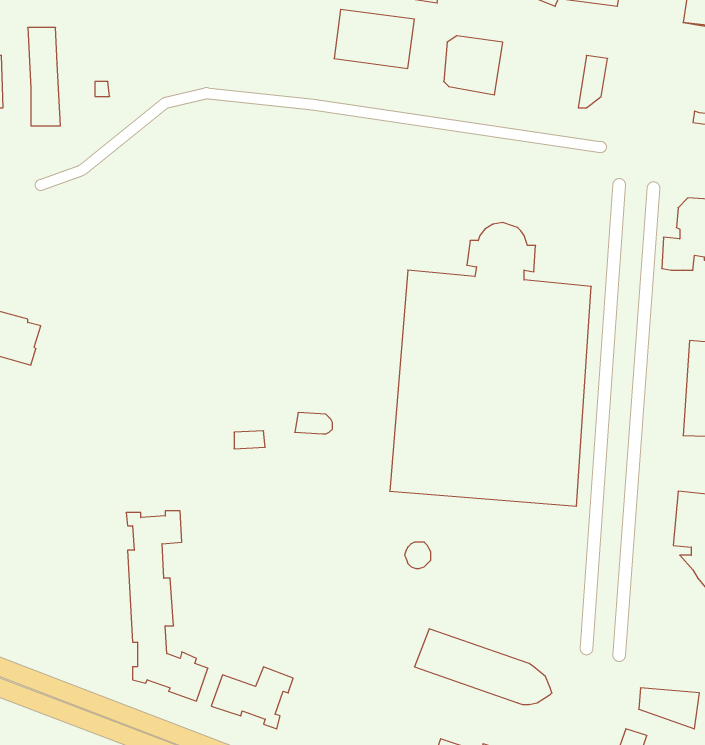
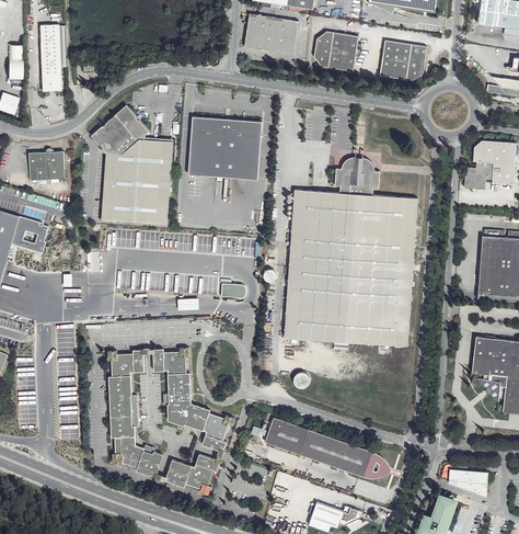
building: none -> [380,41,413,80]
building: none -> [91,104,173,224]
building: none -> [187,116,261,179]
building: none -> [28,147,65,179]
building: none -> [151,348,233,452]
building: none -> [263,417,308,454]

